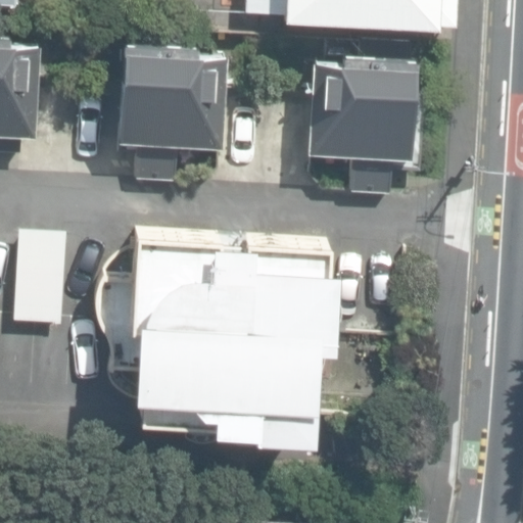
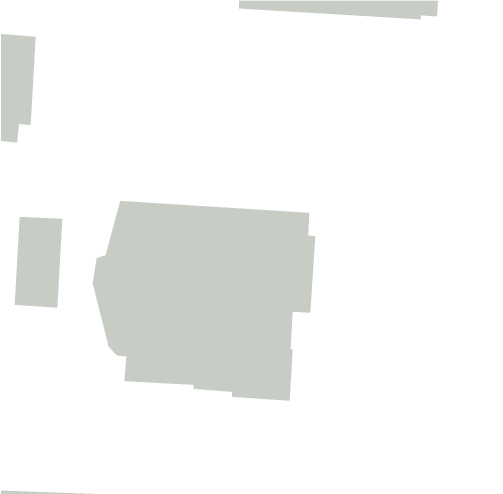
building: [120,53,227,186] -> none
building: [308,67,424,199] -> none

